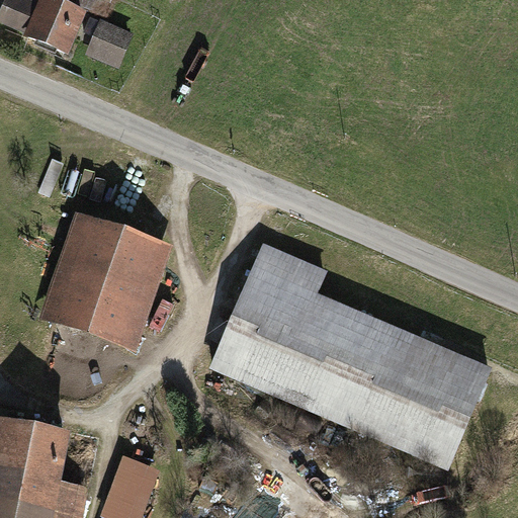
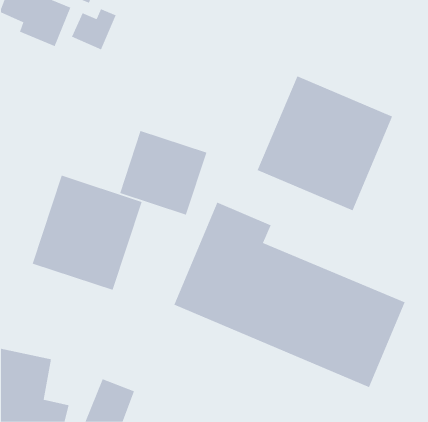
building: none -> [257,76,393,211]
building: none -> [119,130,207,216]

